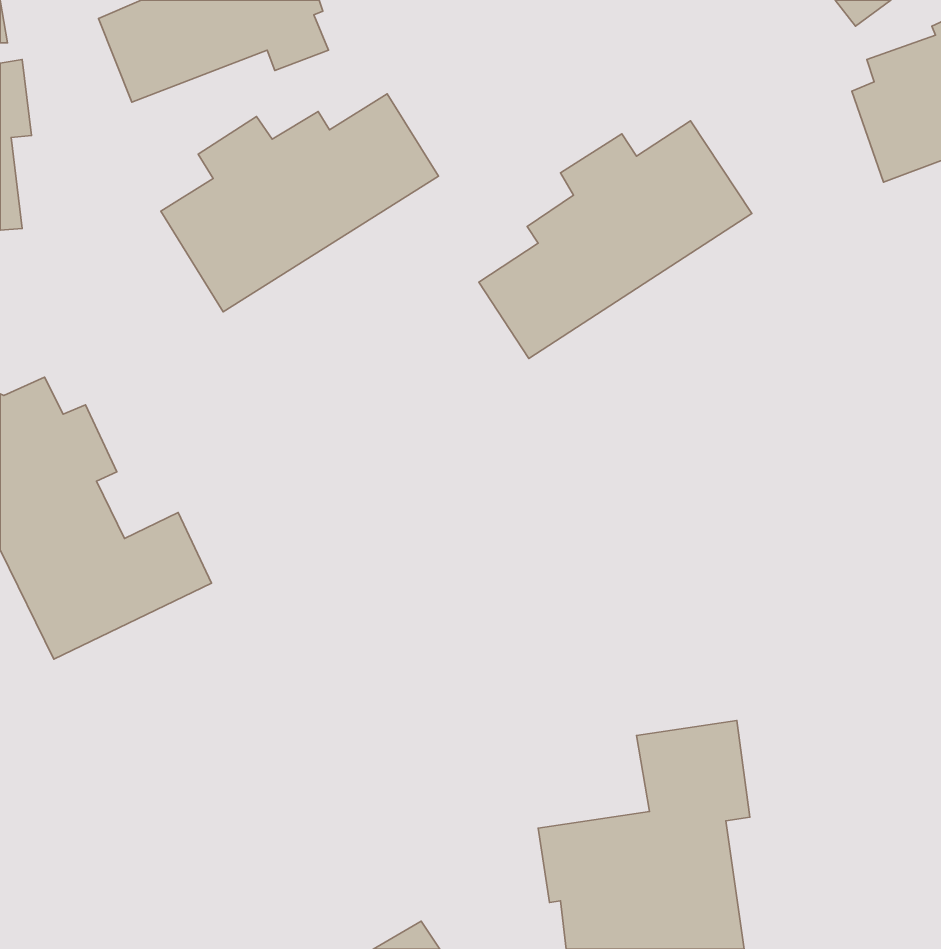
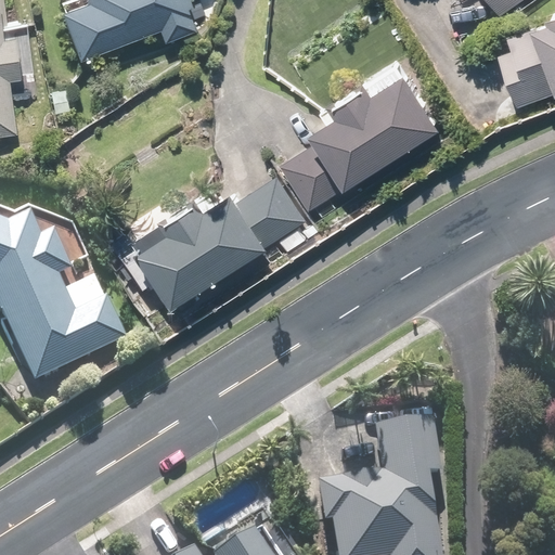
building: [161,94,438,312] -> none
building: none -> [127,175,310,305]

